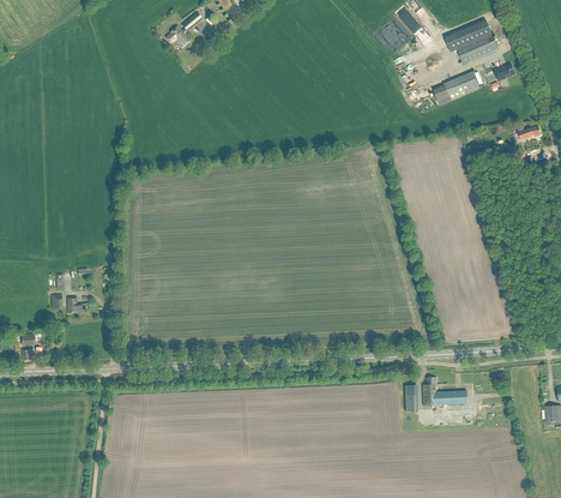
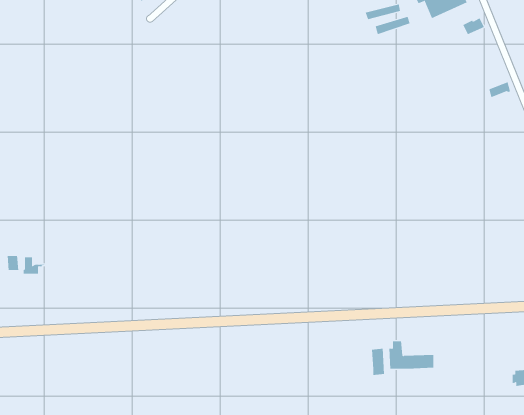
building: [433,71,481,106] -> none

